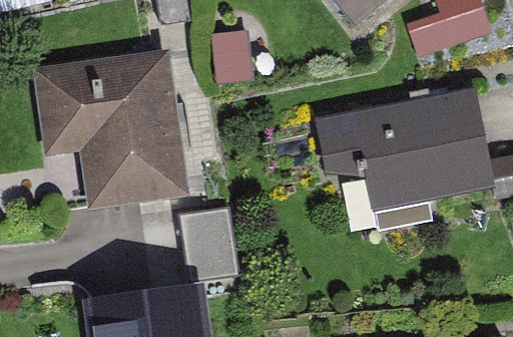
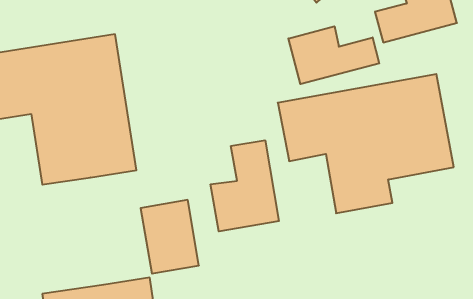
building: none -> [288,26,379,84]
building: none -> [211,140,279,231]

